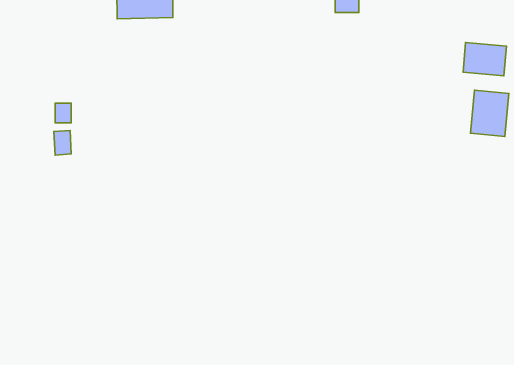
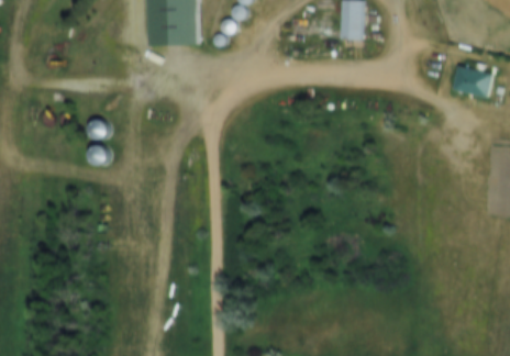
building: [471,90,509,137] -> none

